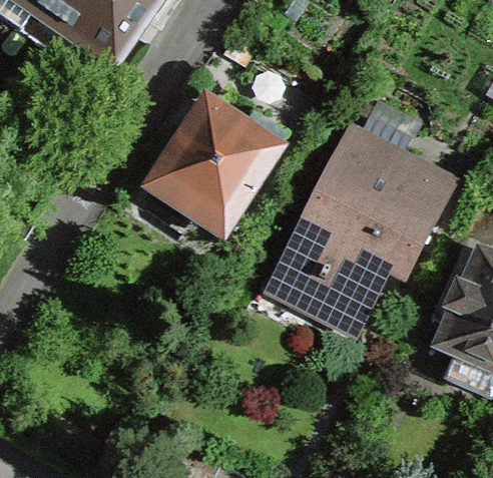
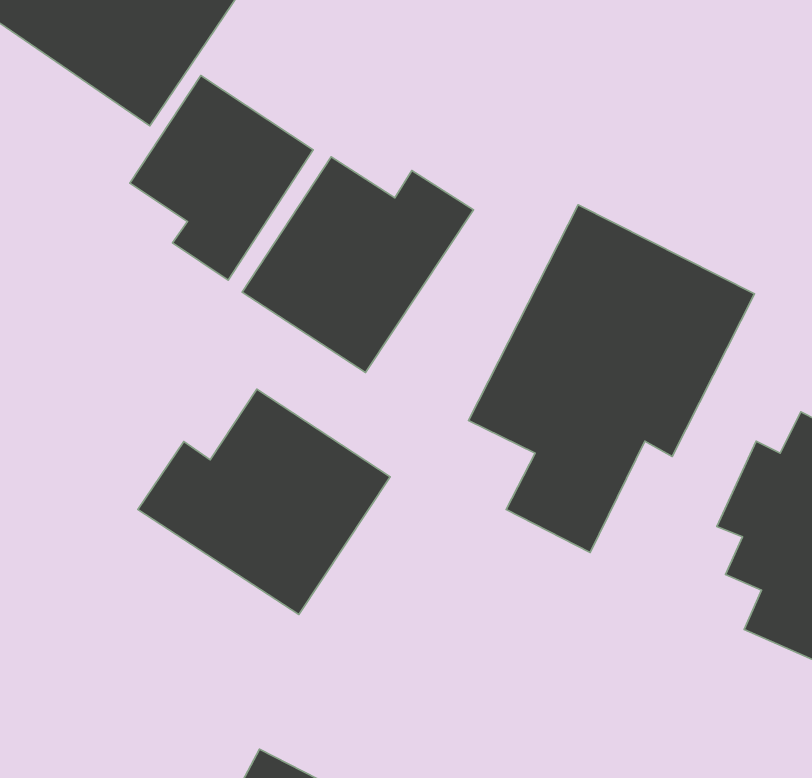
building: none -> [130,75,313,280]
building: none -> [138,389,390,614]

